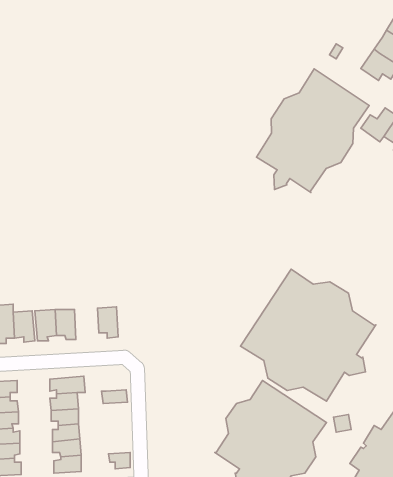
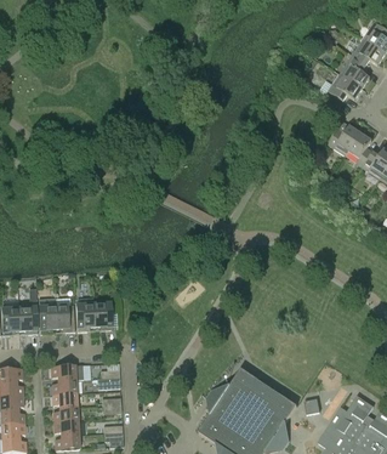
building: [256,69,369,193] -> none
building: [240,269,376,401] -> none
building: none -> [75,297,95,331]

